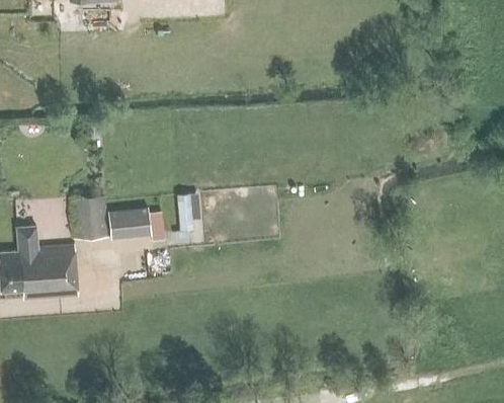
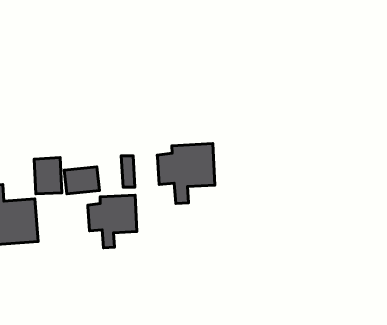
building: none -> [157,144,215,204]
building: none -> [88,195,137,248]

